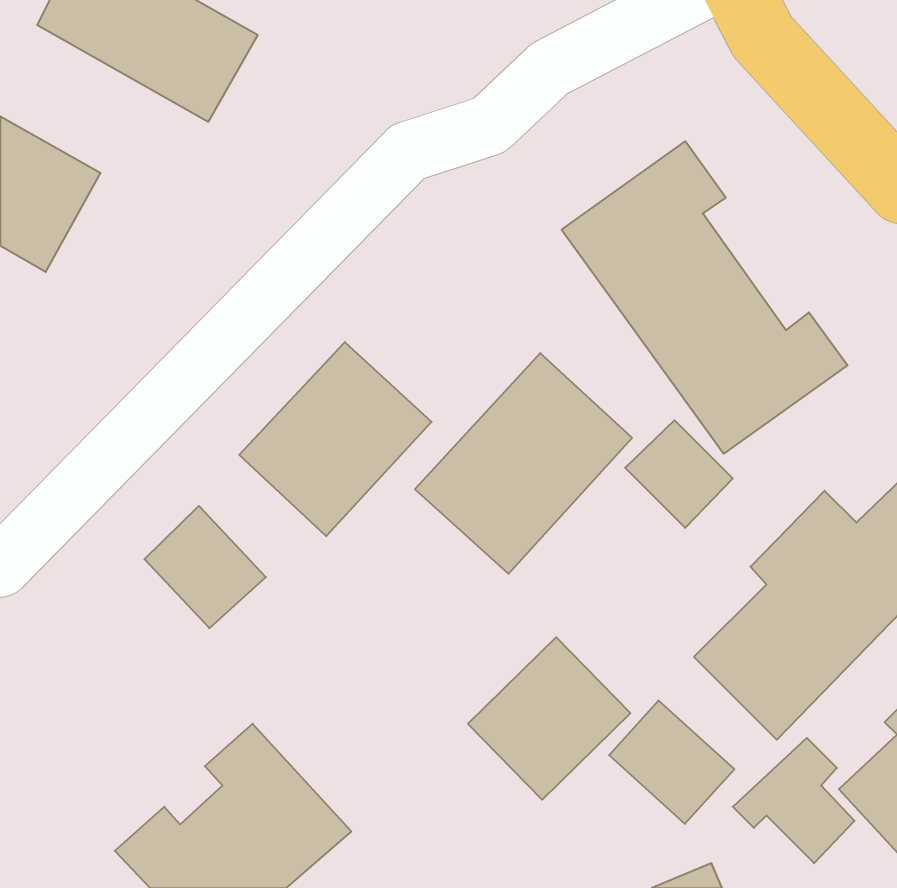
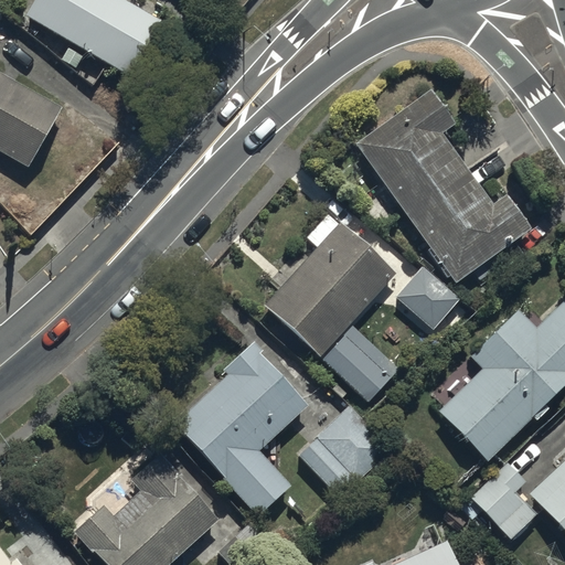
building: [239,342,432,536] -> none
building: [144,506,266,628] -> none
building: none -> [170,340,310,518]
building: [609,700,734,824] -> [323,326,402,403]

